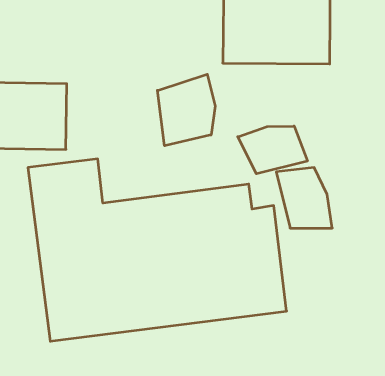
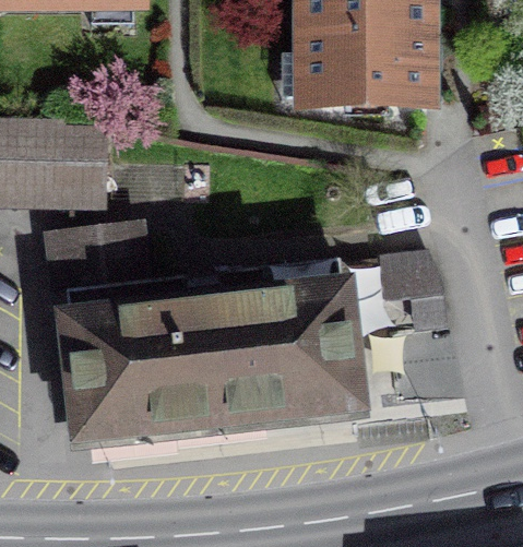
building: [157,74,215,146] -> none
building: [238,126,307,174] -> none

